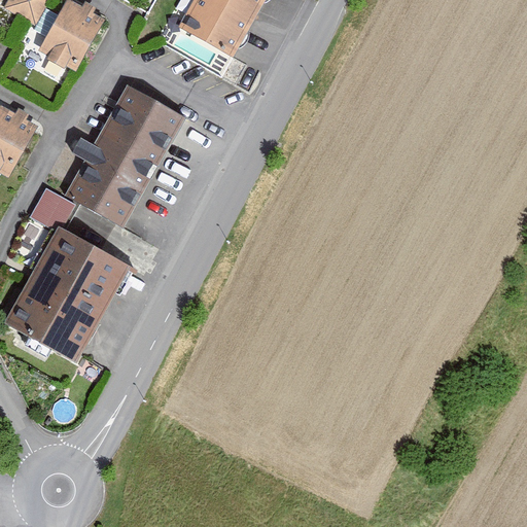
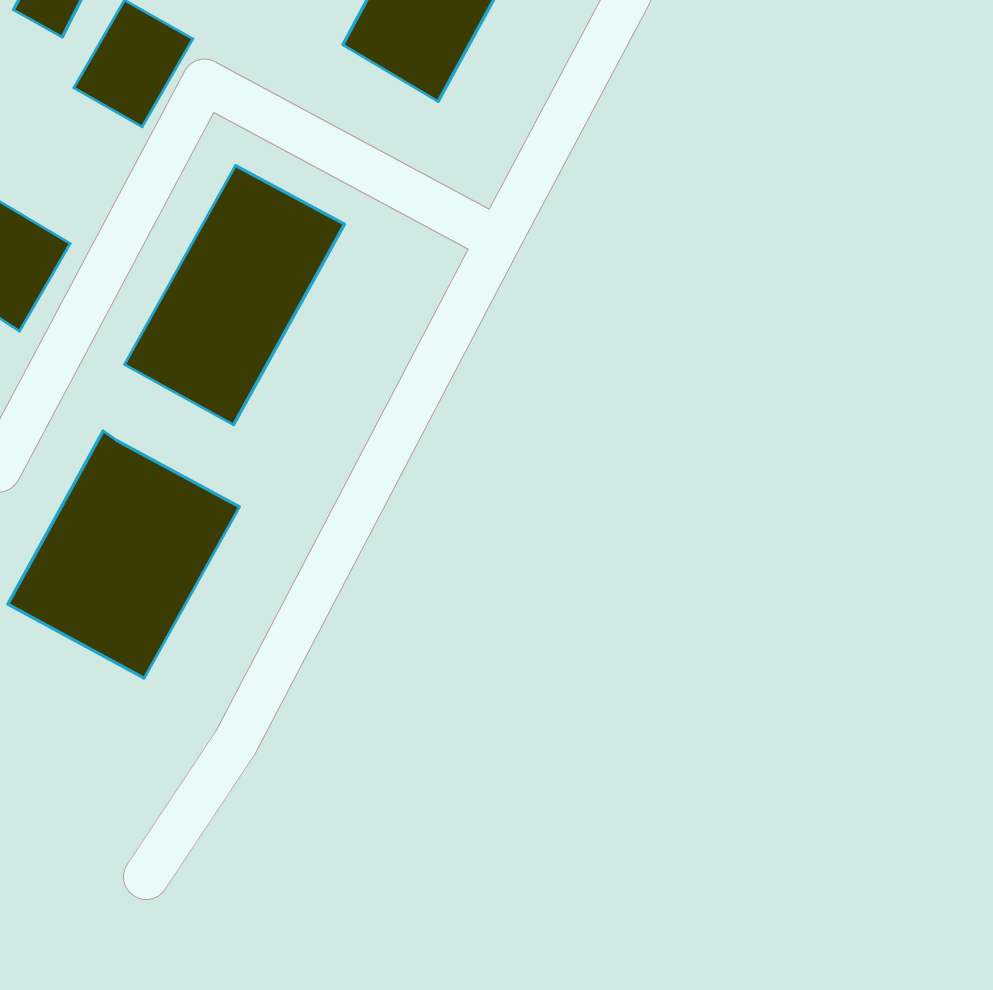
building: [30,185,78,233] -> none

